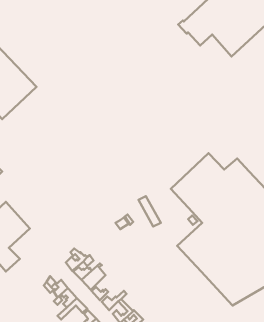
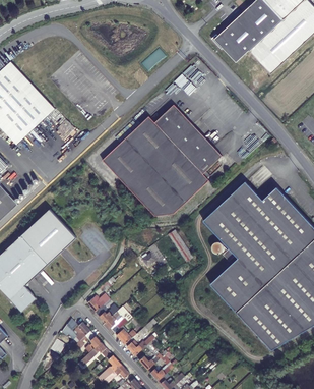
building: none -> [103,105,222,214]
building: none -> [21,210,75,265]

